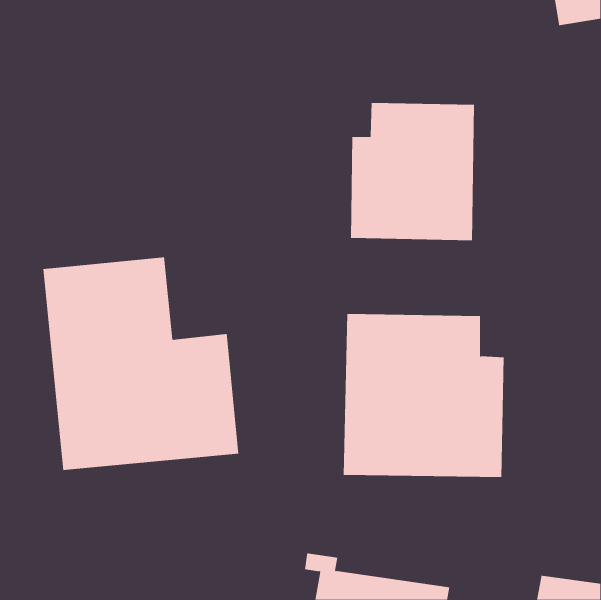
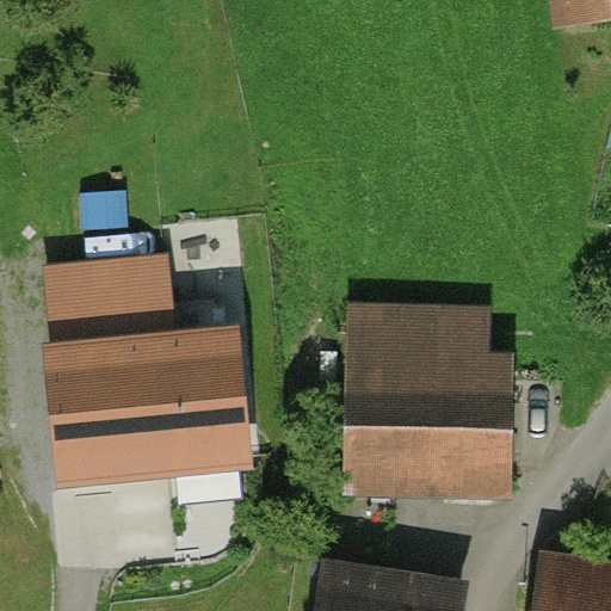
building: [350,102,474,241] -> none

